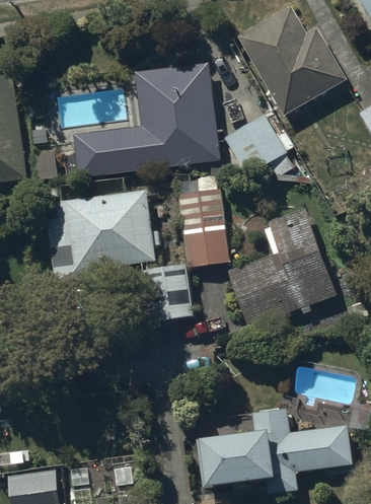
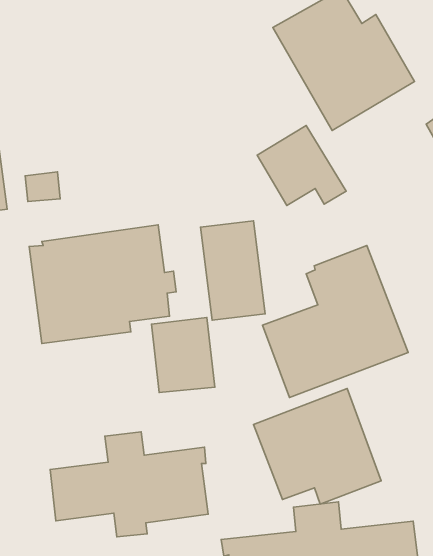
building: [72,62,218,177] -> none
building: none -> [253,389,381,504]
building: none -> [50,432,208,537]

